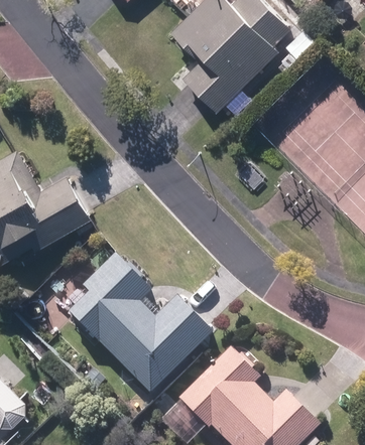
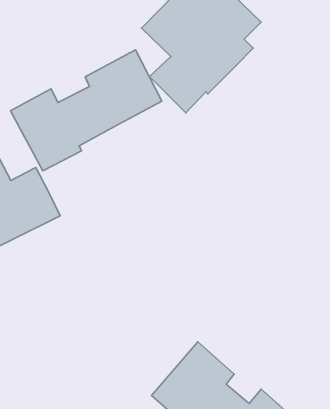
building: none -> [11,50,162,171]
building: [60,252,212,397] -> none

